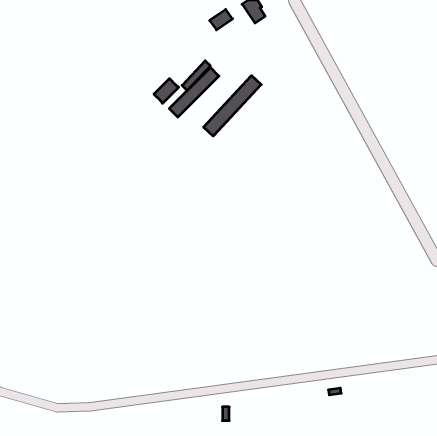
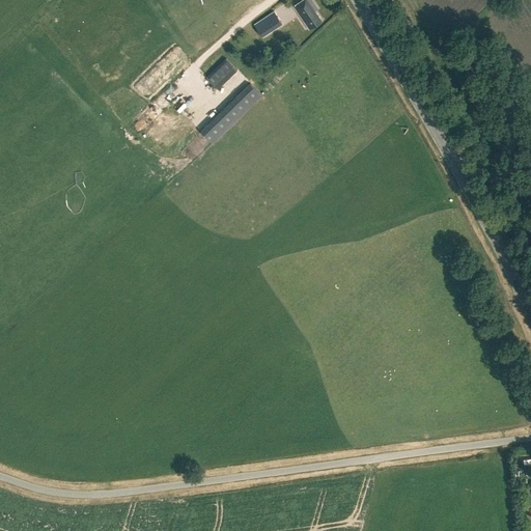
building: [204,76,261,136] -> none
building: [154,79,179,103] -> [206,59,236,89]

